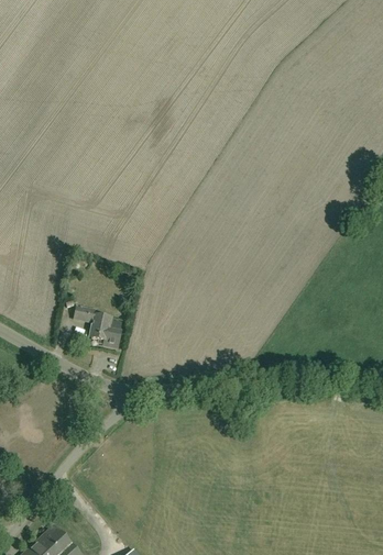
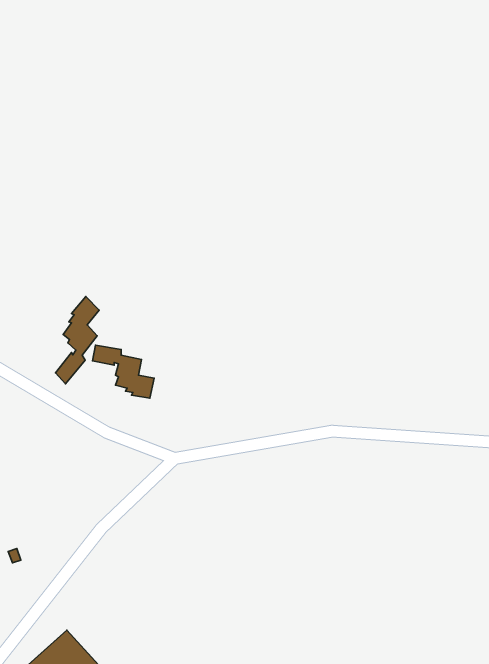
building: none -> [55,297,99,384]

